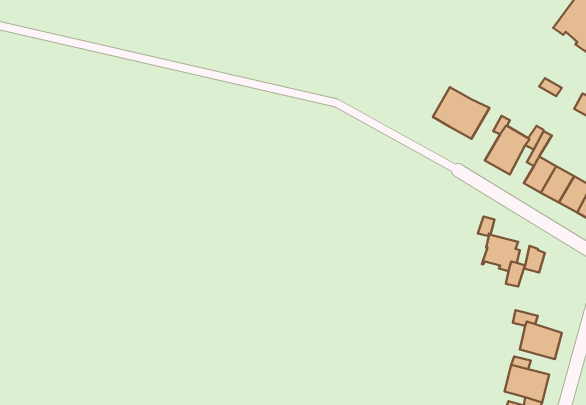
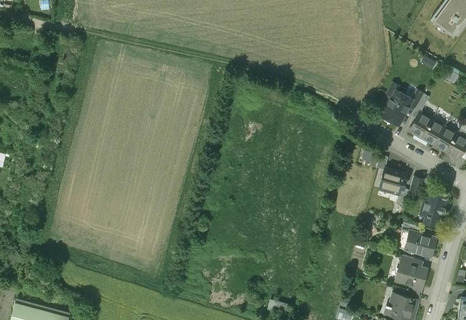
building: [433,87,490,139] -> none
building: none -> [420,189,447,227]

